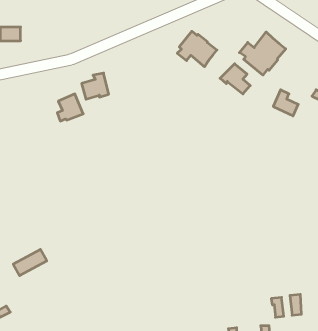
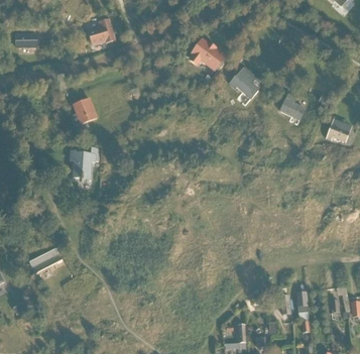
building: [239,32,286,75] -> none
building: [82,73,109,99] -> [88,19,114,44]
building: none -> [70,147,99,180]

